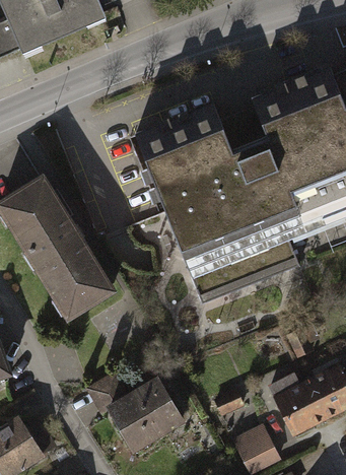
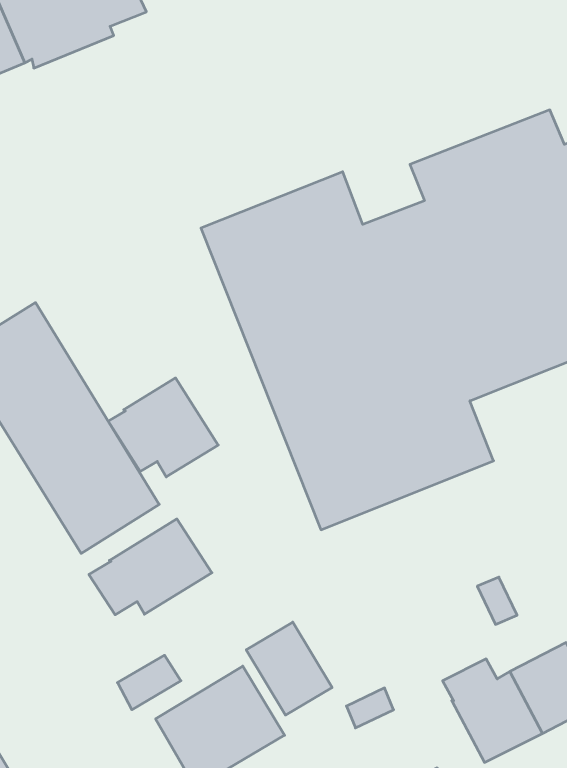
building: none -> [108,378,218,477]
building: none -> [89,519,212,615]
building: none -> [246,622,332,715]

